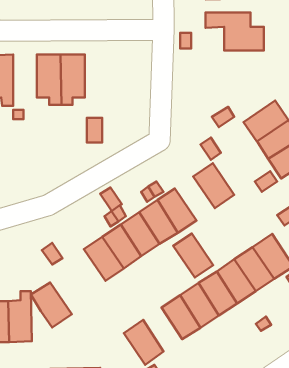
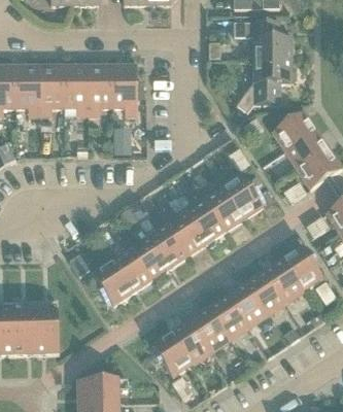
building: none -> [236,61,293,112]
building: none -> [40,65,64,116]
building: none -> [112,65,137,115]
building: [173,233,213,277] -> [203,187,243,232]
building: [31,282,72,327] -> [92,261,133,306]
building: none -> [171,319,210,364]

